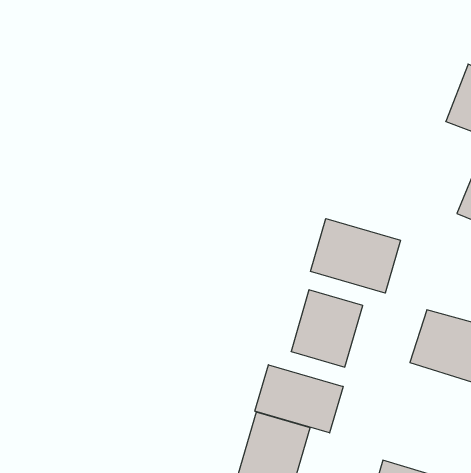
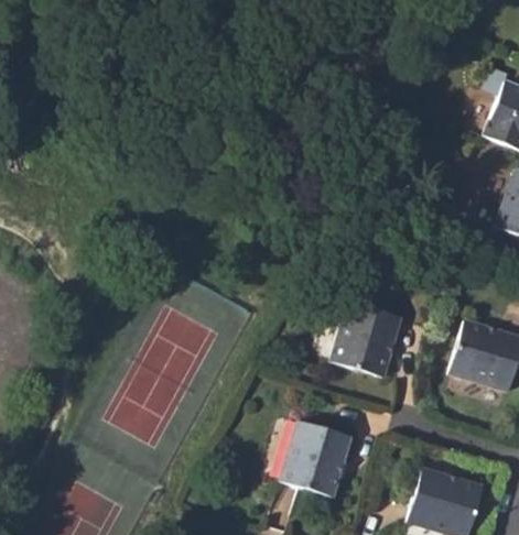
building: [311,219,401,293] -> none
building: [255,365,343,433] -> none

